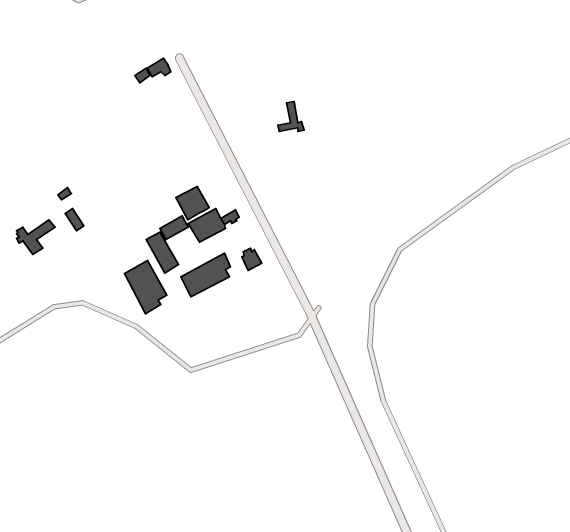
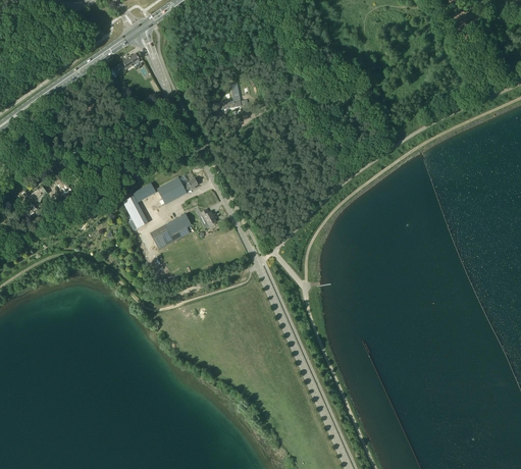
building: [176,187,209,220] -> none
building: [124,260,167,314] -> none

